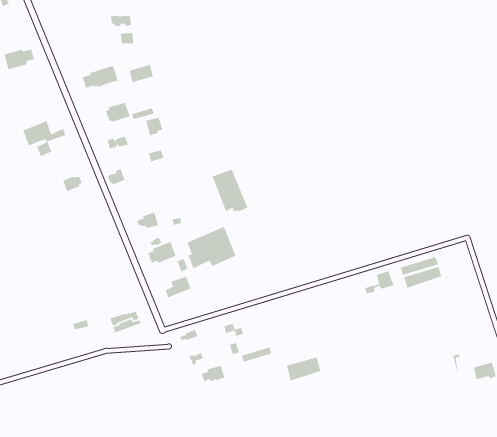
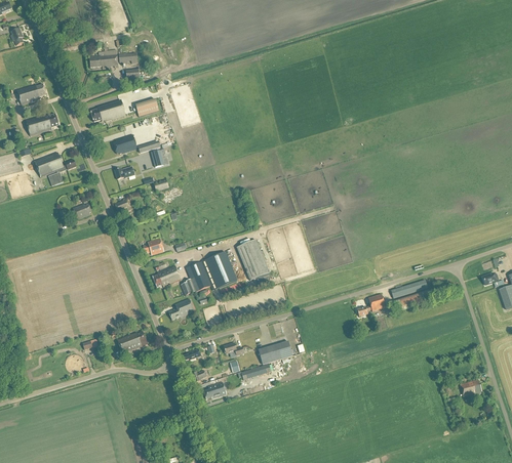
building: none -> [89,49,118,69]
building: none -> [26,114,58,135]
building: [211,169,248,212] -> [236,240,271,281]
building: [286,356,322,381] -> [259,341,292,365]

